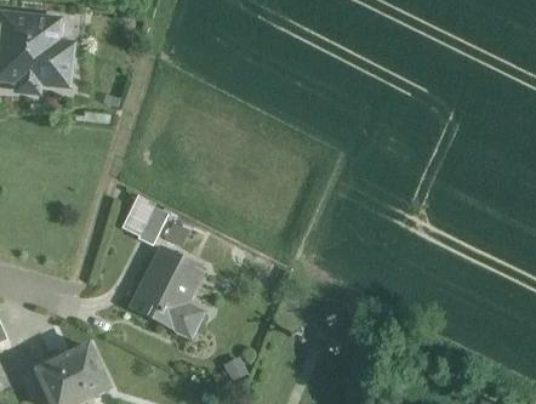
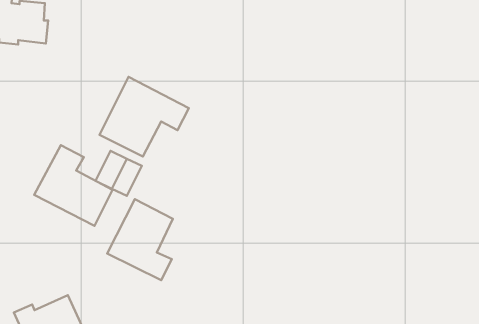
building: none -> [99,77,189,156]
building: none -> [34,145,113,226]

